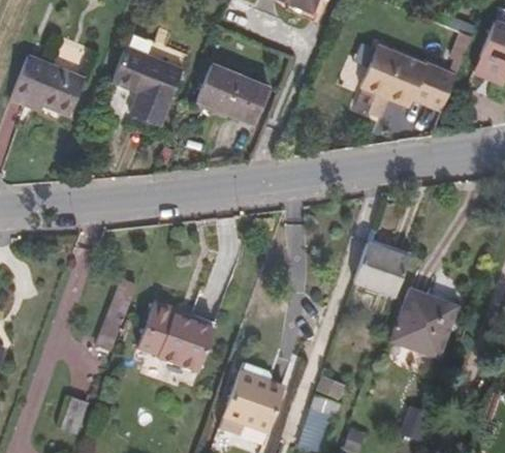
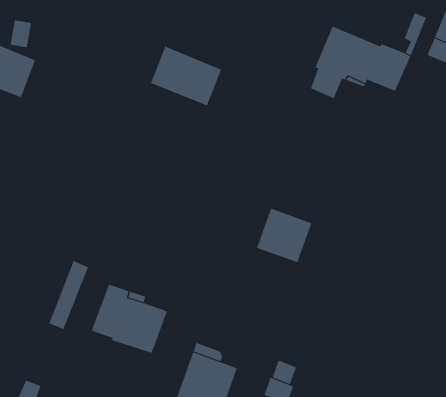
building: [112,46,183,126] -> none
building: [354,241,410,296] -> [256,208,312,263]
building: [391,288,457,358] -> none

